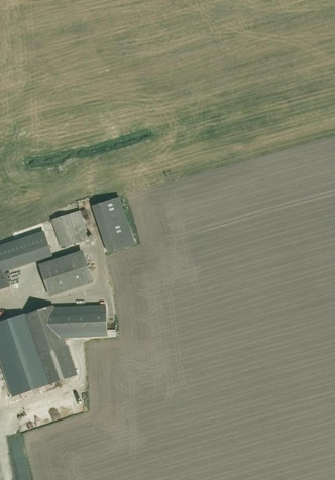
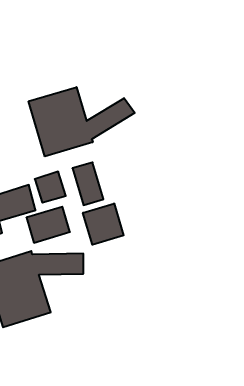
building: none -> [29,87,135,156]
building: none -> [83,203,124,245]

